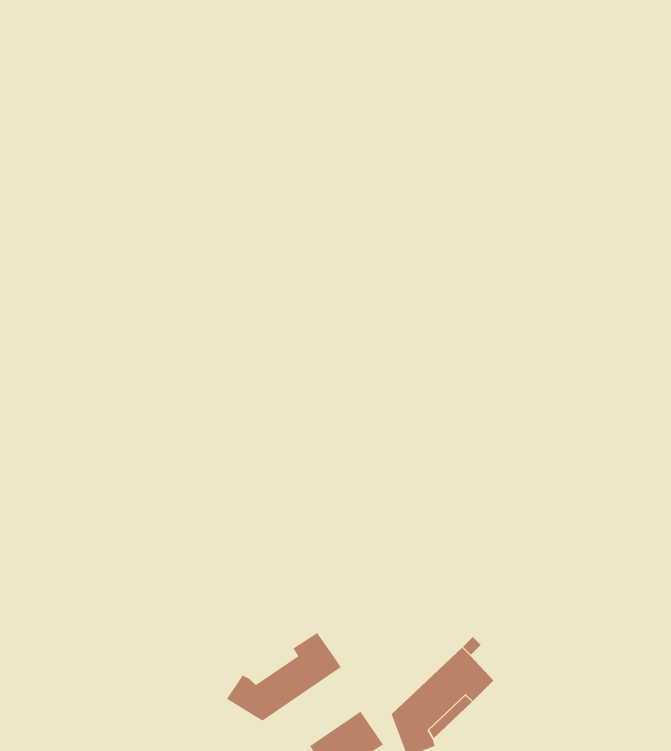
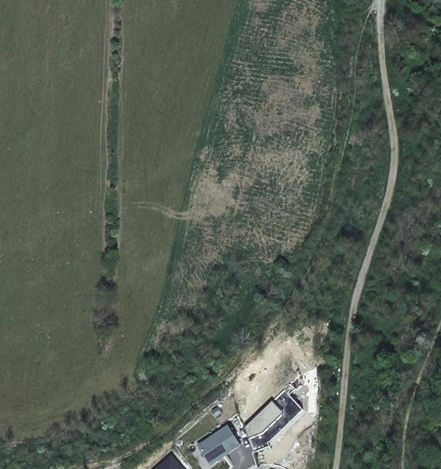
building: [226,632,341,722] -> none

